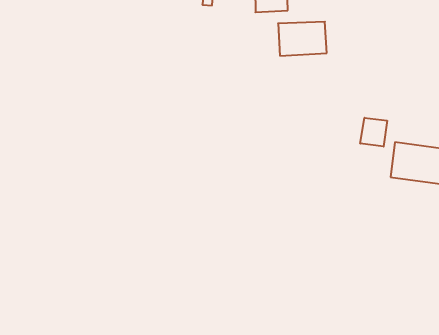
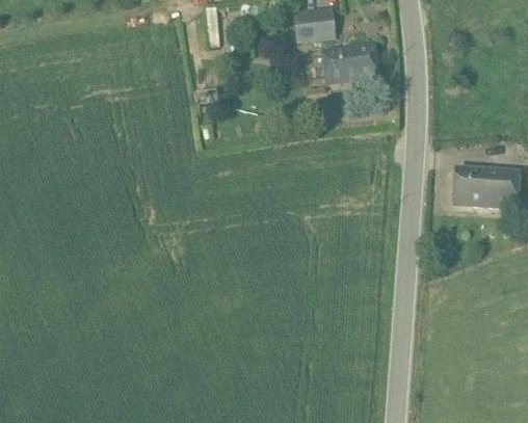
building: [360,118,387,147] -> none

